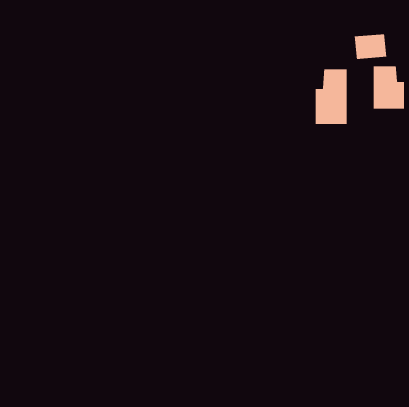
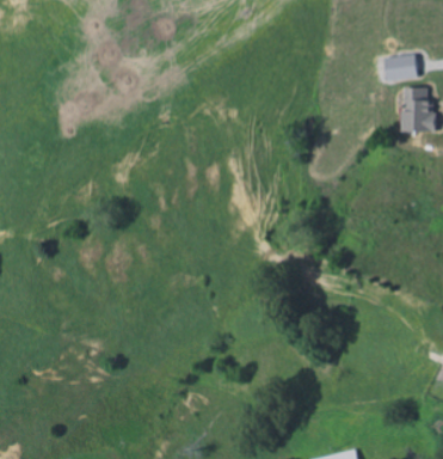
building: [315,69,348,125] -> none

